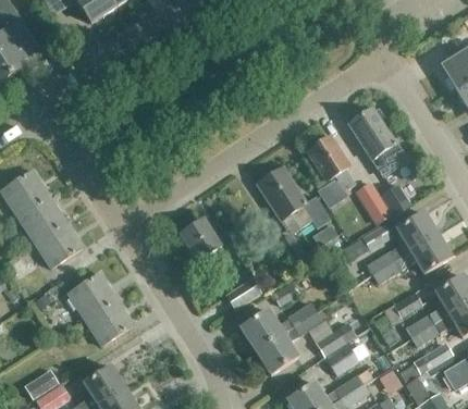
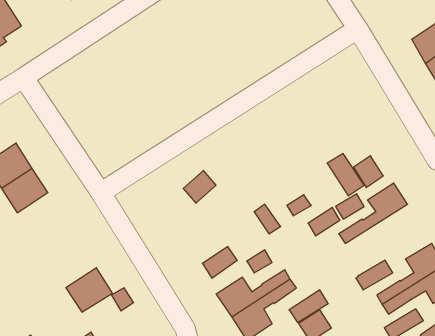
building: [348,109,406,173] -> none
building: [307,136,356,190] -> none
building: [257,166,330,227] -> none
building: [180,219,230,270] -> none
building: [35,221,84,268] -> none
building: [372,233,451,283] -> none
building: [69,272,116,319] -> none

